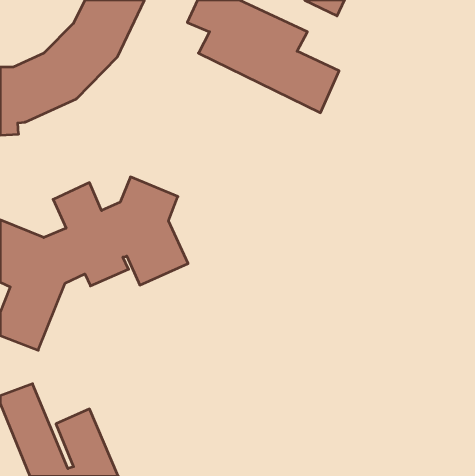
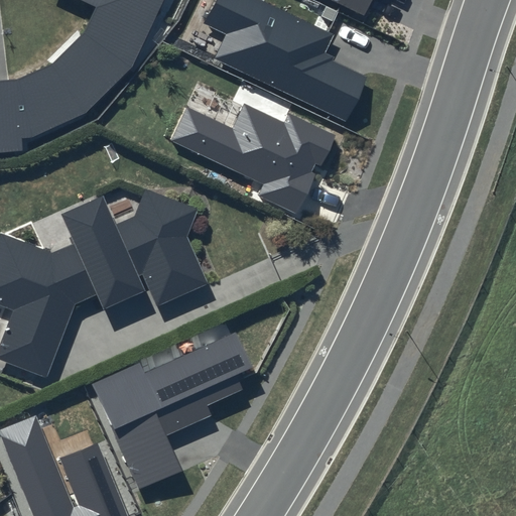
building: none -> [171,104,335,215]
building: none -> [93,332,254,489]

